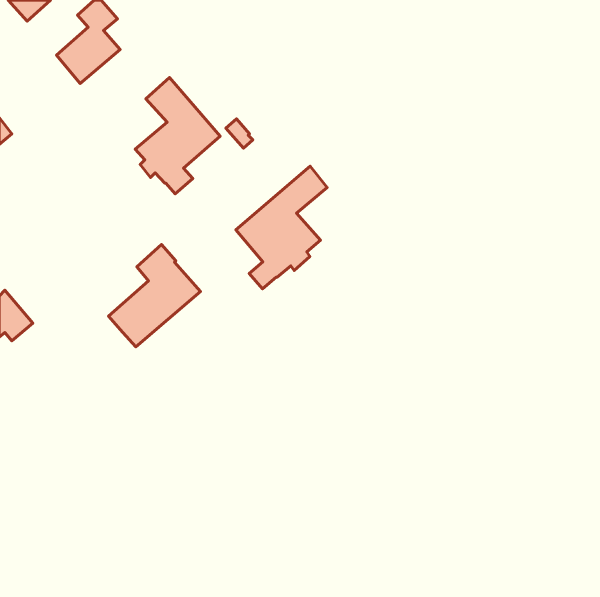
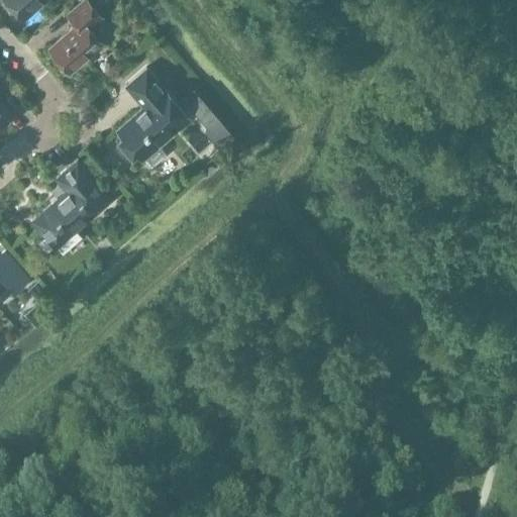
building: [236,166,327,289] -> none
building: [109,245,200,347] -> [31,162,110,249]

